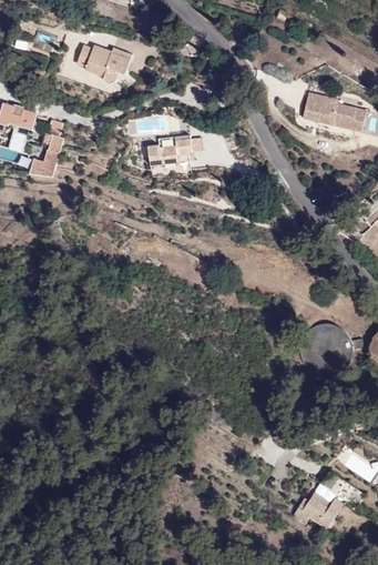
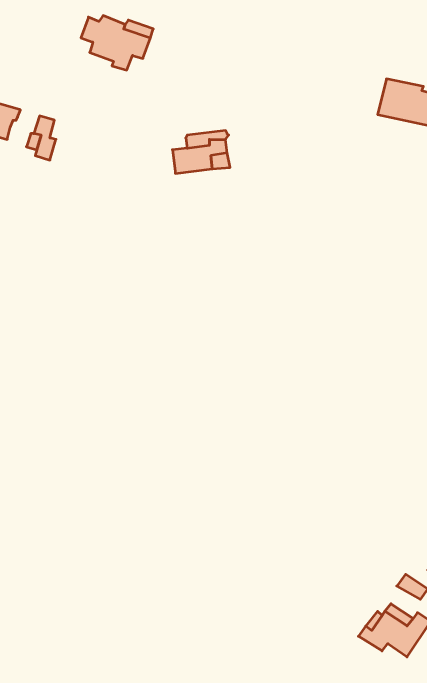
building: [28,153,57,176] -> none

